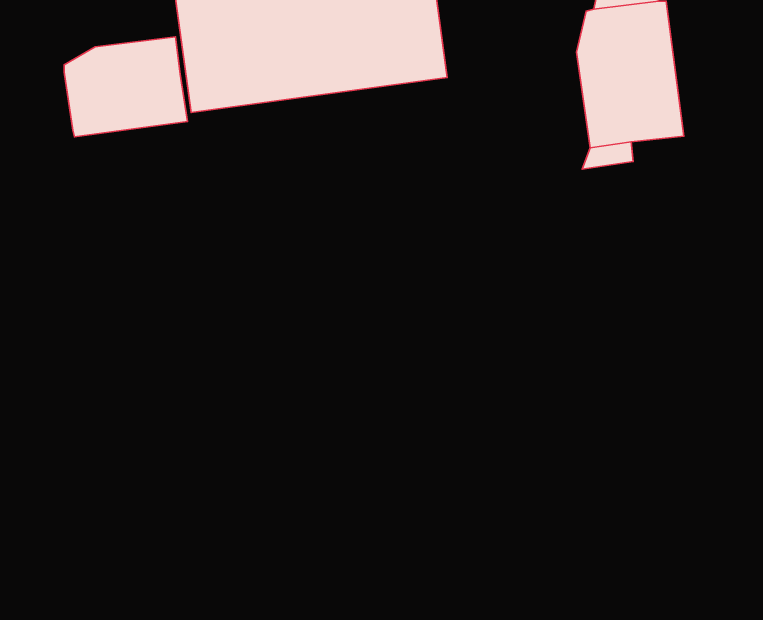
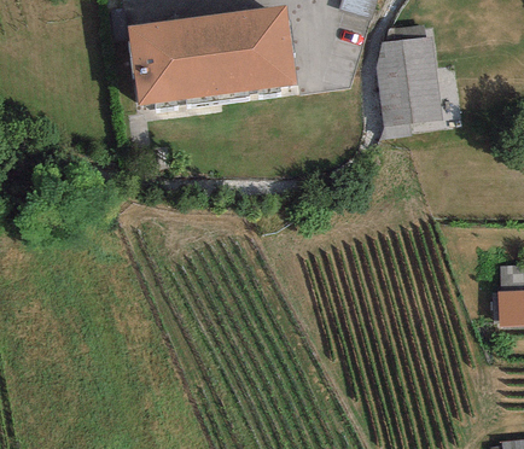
building: [64,37,188,137] -> none

